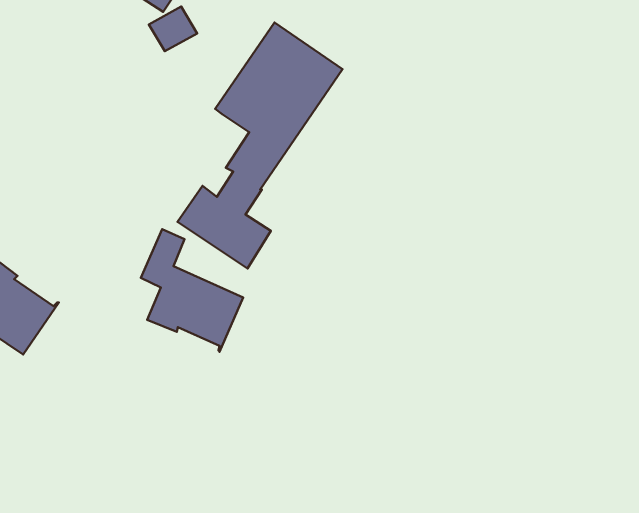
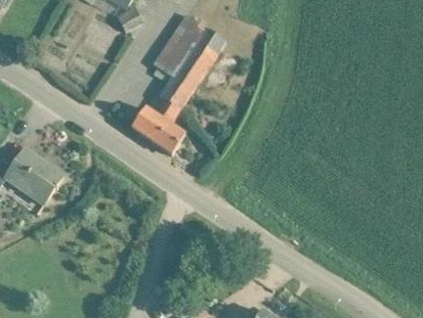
building: [141,229,243,352] -> none

